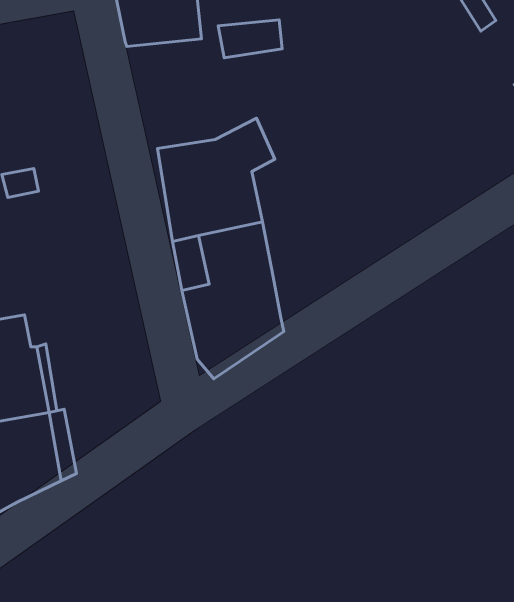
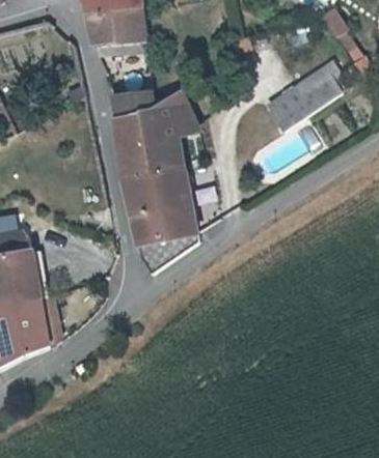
building: [218,20,282,58] -> [110,89,154,115]
building: none -> [267,65,341,128]

